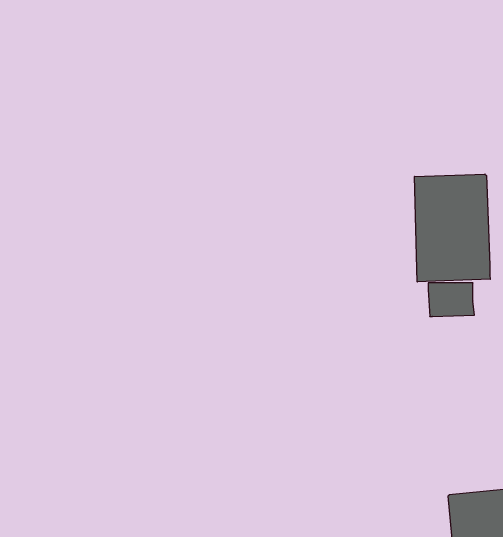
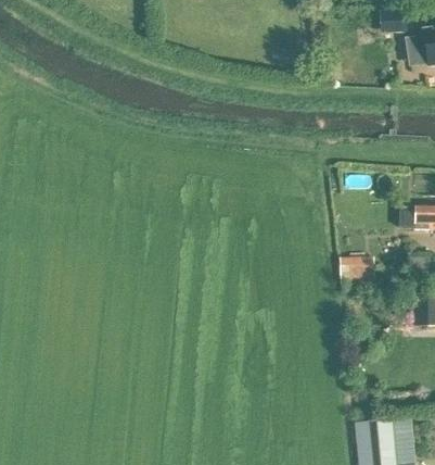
building: [415,174,490,282] -> none

